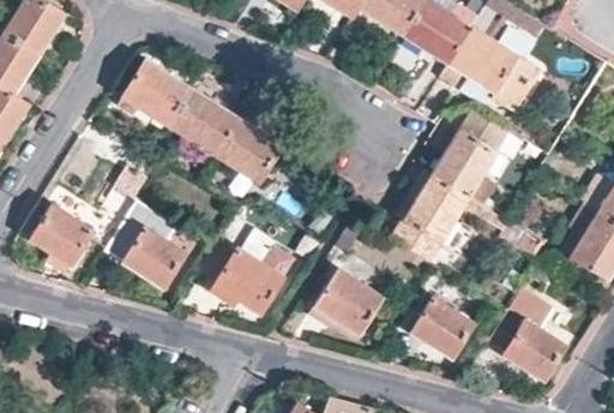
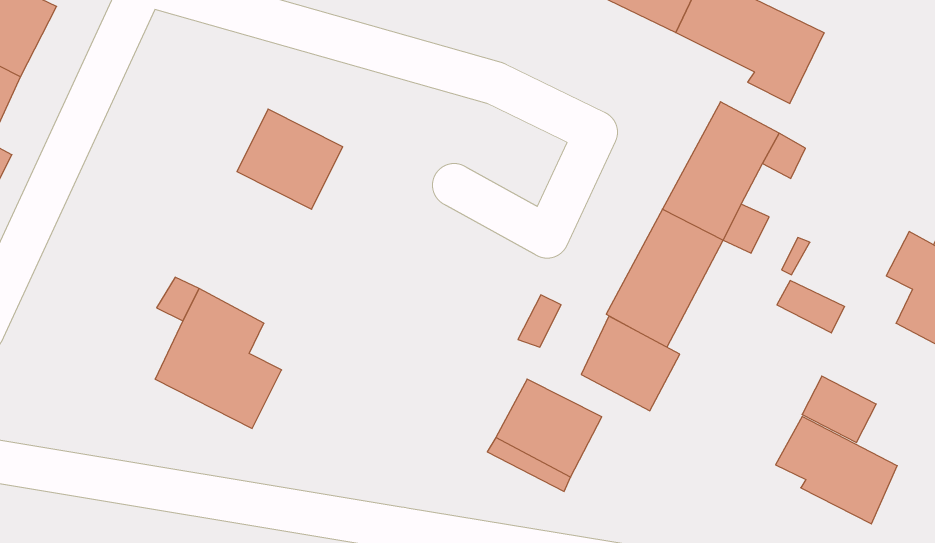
building: [119,60,192,126] -> none
building: [213,116,282,182] -> none
building: [34,204,94,265] -> none
building: [216,228,295,313] -> none
building: [410,297,472,358] -> [581,316,680,411]

